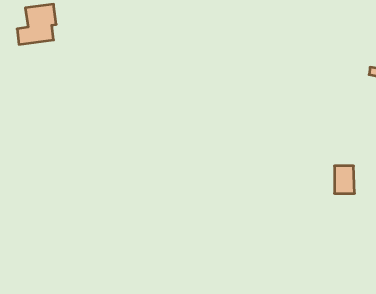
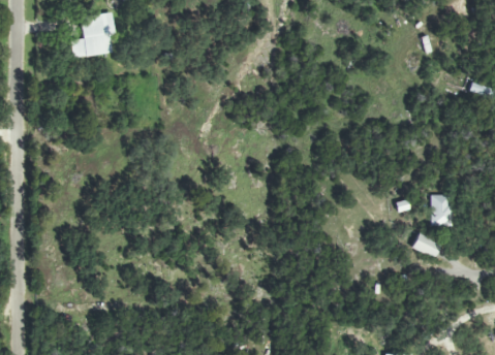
building: none -> [411,233,441,257]

